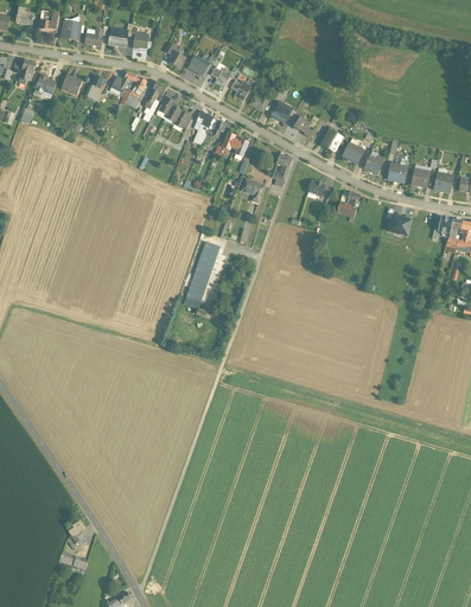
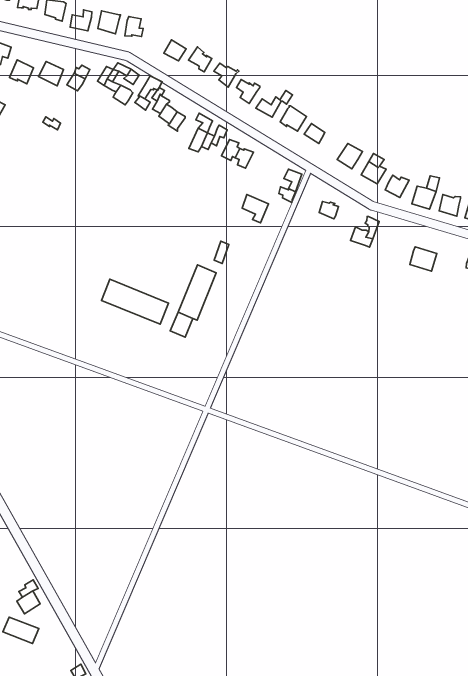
building: none -> [102,279,169,324]

